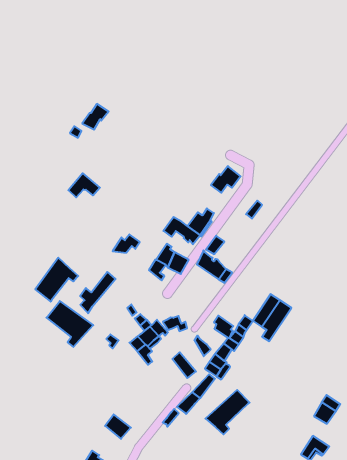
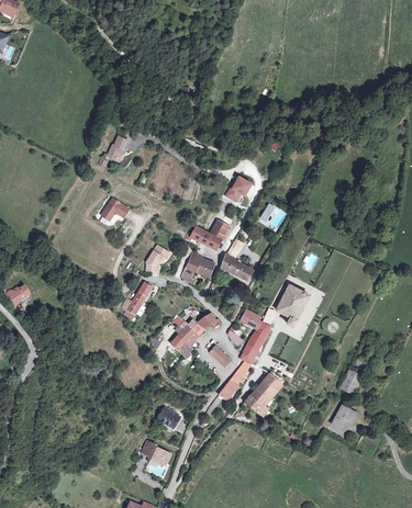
building: [35,258,78,302] -> none
building: [46,301,93,347] -> none

